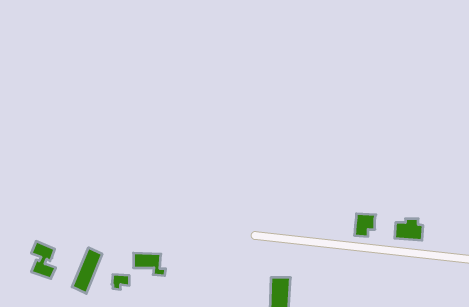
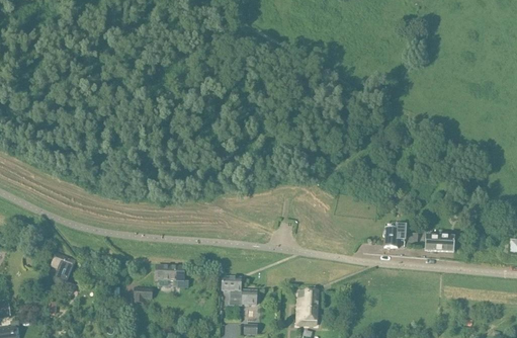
building: [72,248,102,294] -> none
building: none -> [222,276,257,304]

